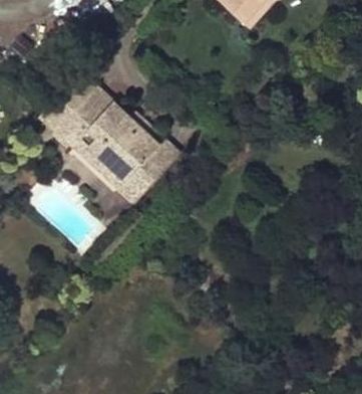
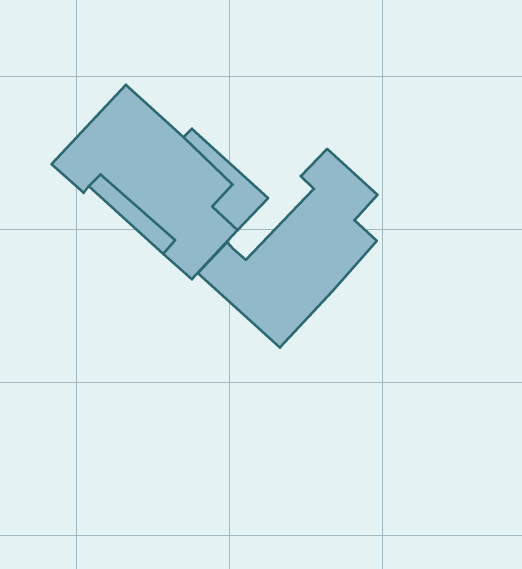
building: none -> [198,149,377,348]

